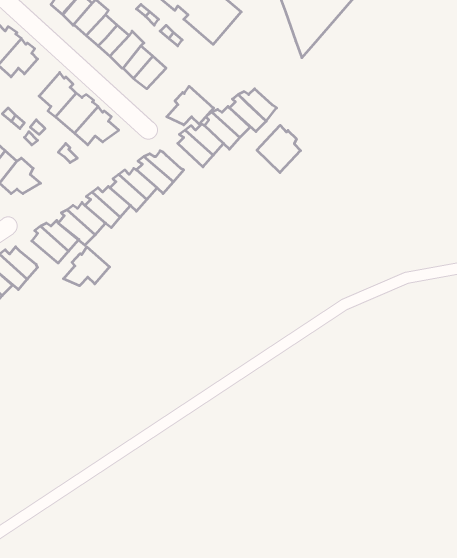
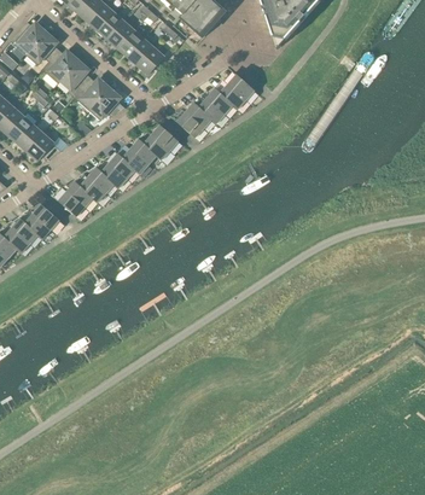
building: none -> [41,50,77,83]
building: [167,86,214,125] -> none
building: [257,125,301,173] -> none
building: [63,247,110,286] -> none

